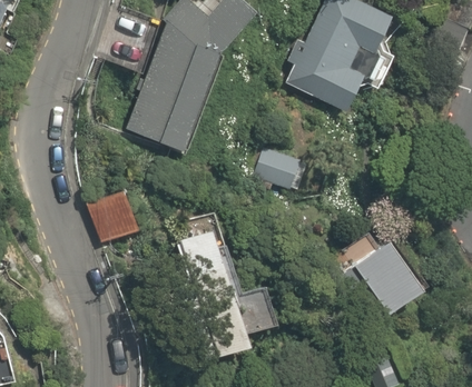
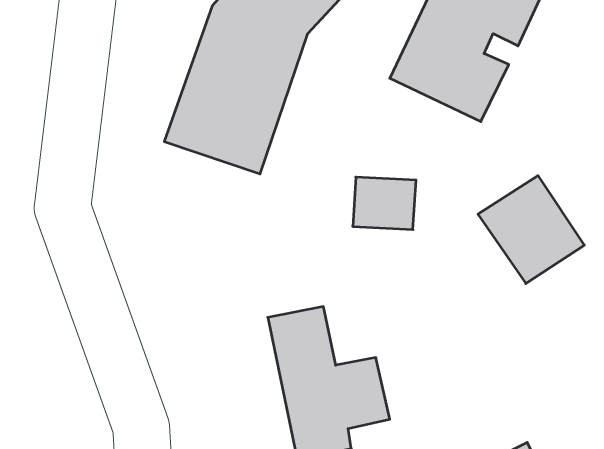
building: [88,191,140,240] -> none
building: [353,238,430,316] -> [478,176,584,284]

